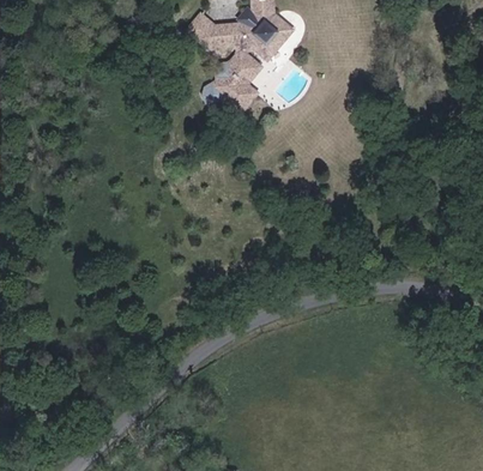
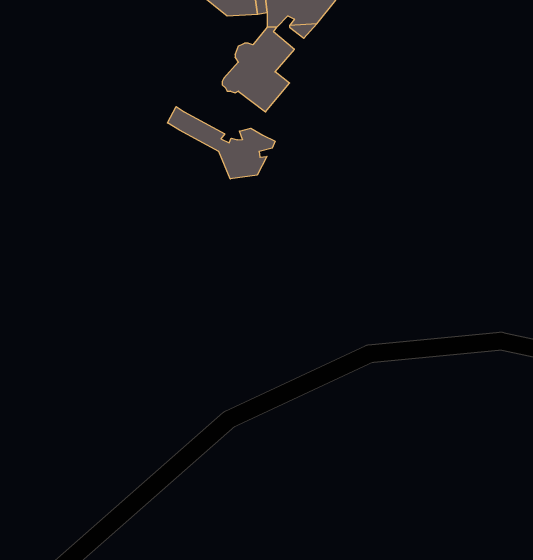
building: none -> [167,107,275,179]

